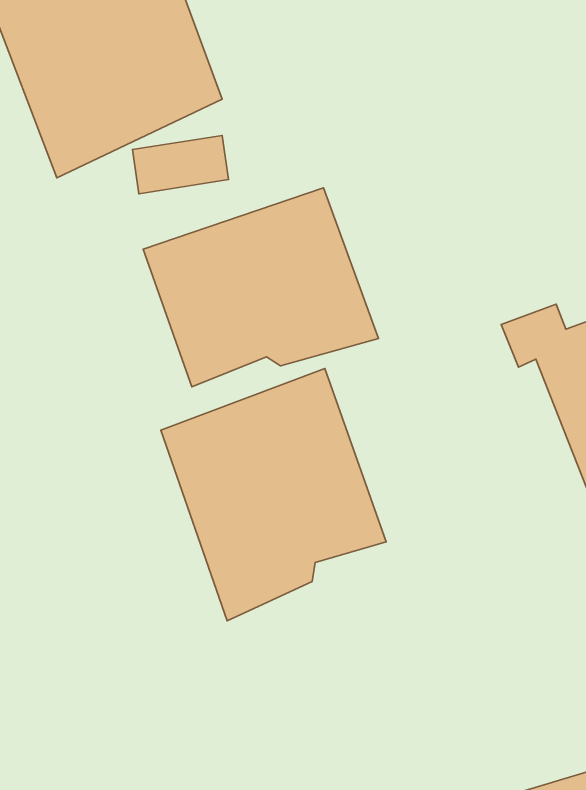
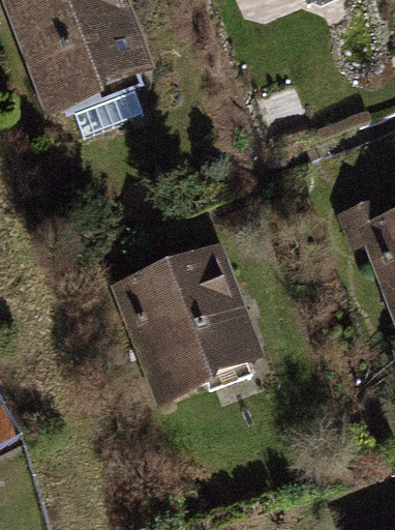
building: [143,188,379,387] -> none

